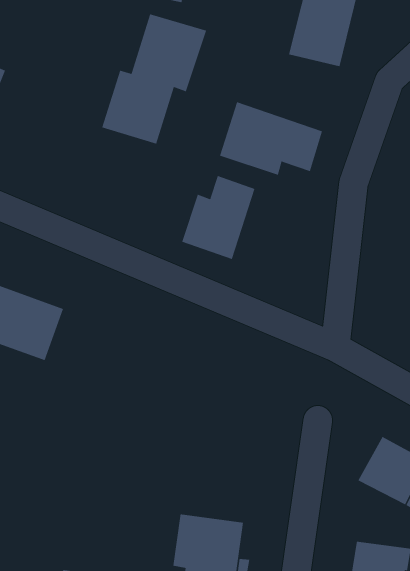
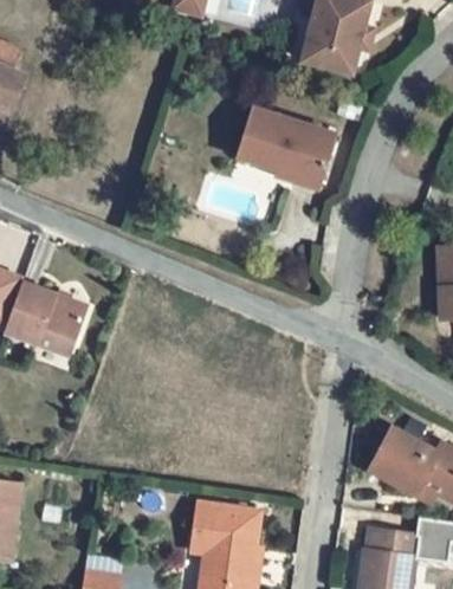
building: [101,13,207,145] -> none
building: [181,175,255,260] -> none

